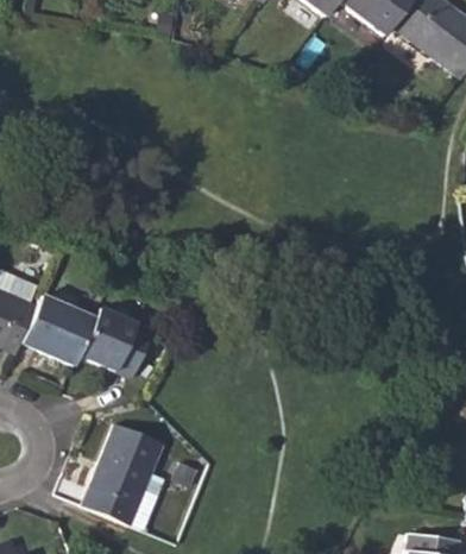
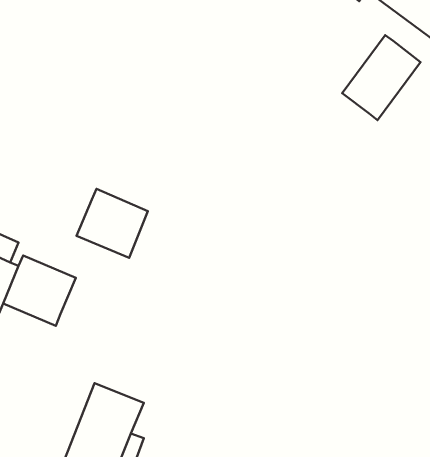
building: none -> [342,35,421,120]
building: [81,307,153,377] -> [77,189,148,258]

